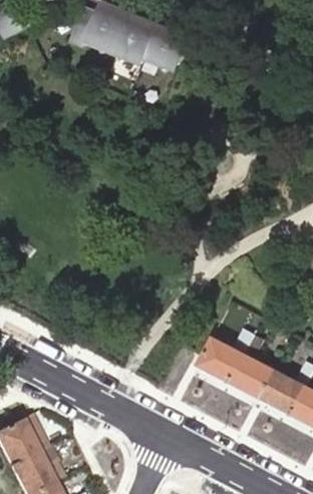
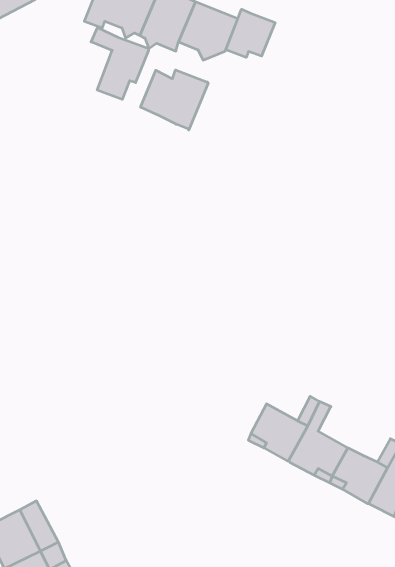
building: none -> [226,9,275,57]
building: none -> [91,28,149,99]
building: none -> [141,70,208,130]

